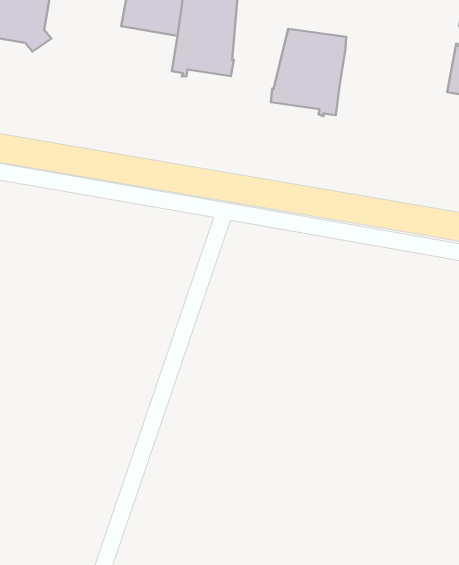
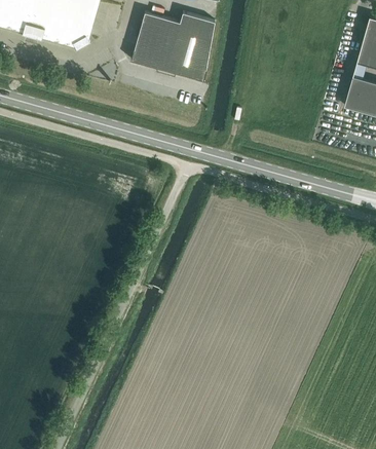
building: none -> [131,39,173,72]
building: [271,29,346,116] -> none

